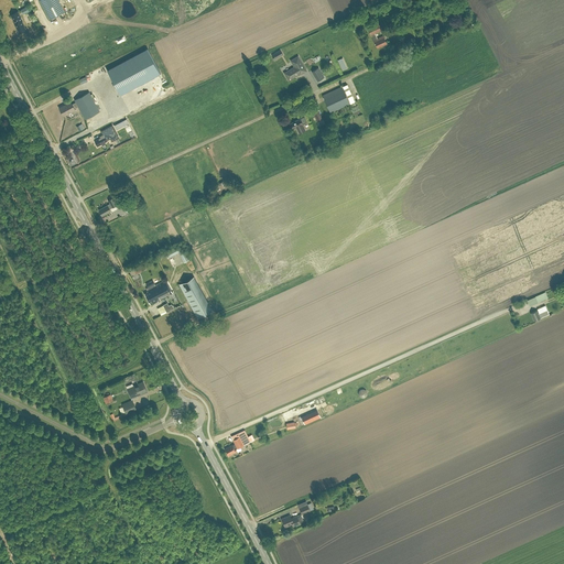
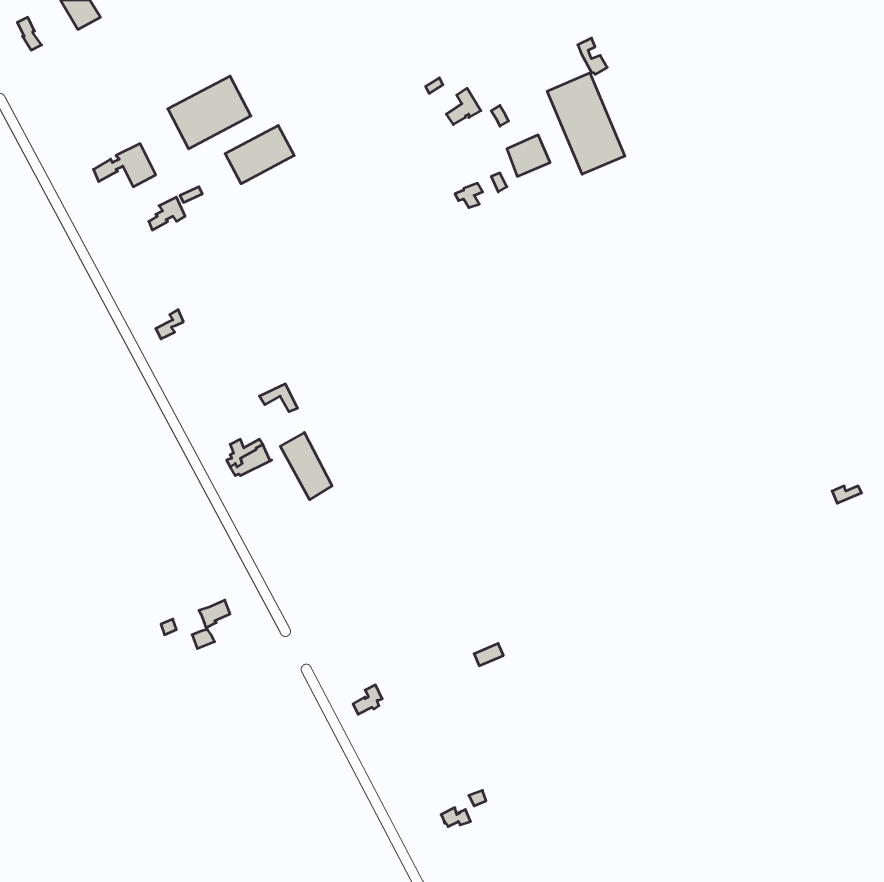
building: none -> [547,73,625,174]
building: none -> [225,125,294,184]

